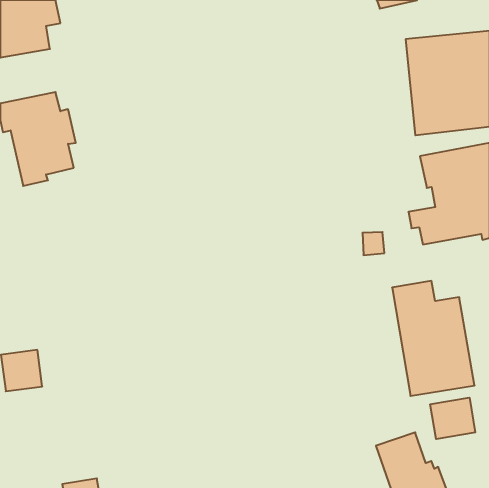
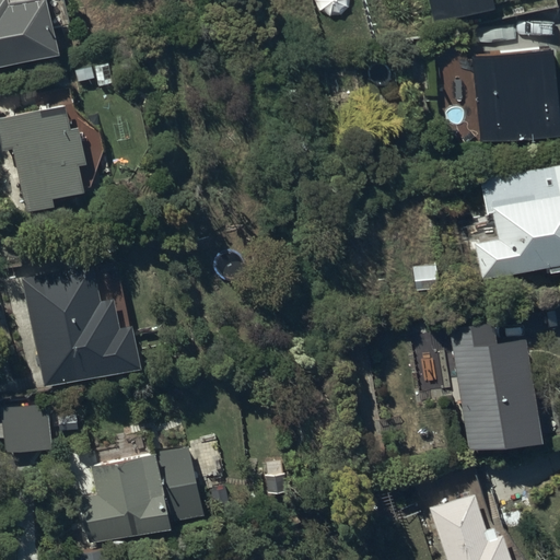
building: none -> [23,267,141,389]
building: none -> [81,450,202,539]
building: [430,398,475,439] -> none

